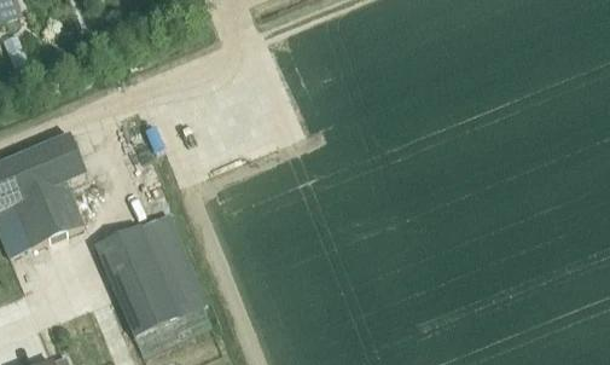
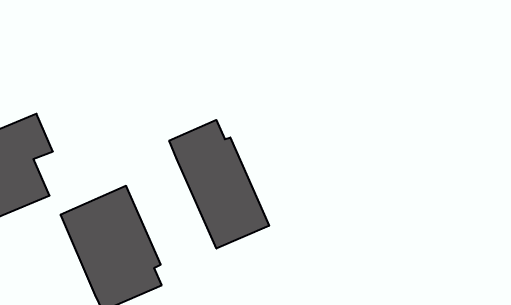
building: none -> [169,120,269,249]

